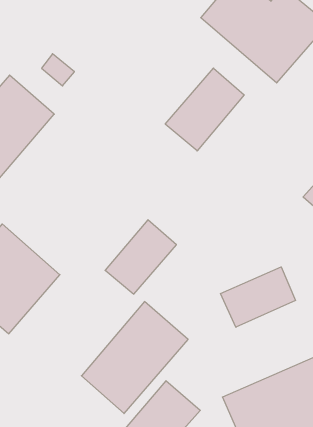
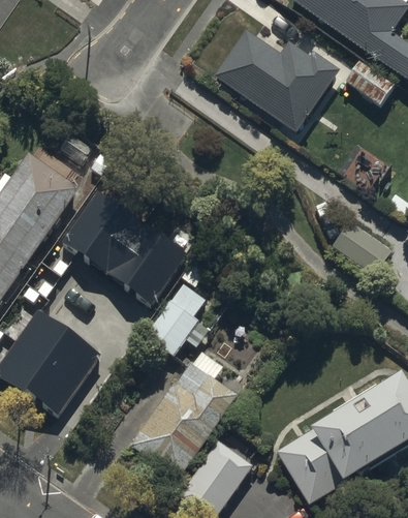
building: [165,68,244,151] -> none
building: none -> [58,183,187,301]
building: [221,267,296,327] -> none

